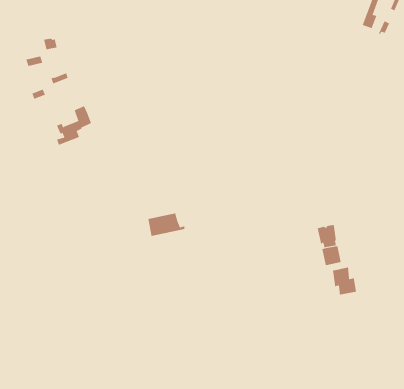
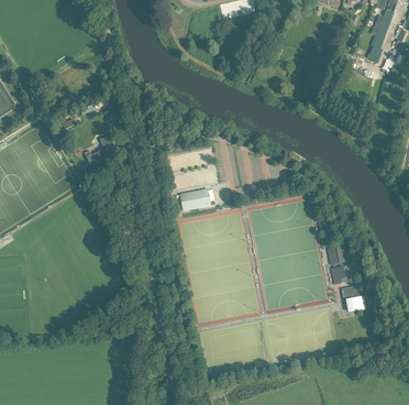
building: [147,213,185,236] -> [179,186,214,208]

